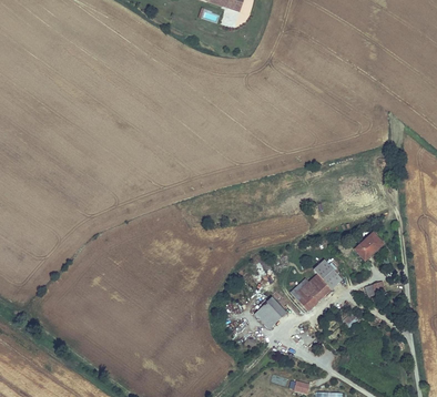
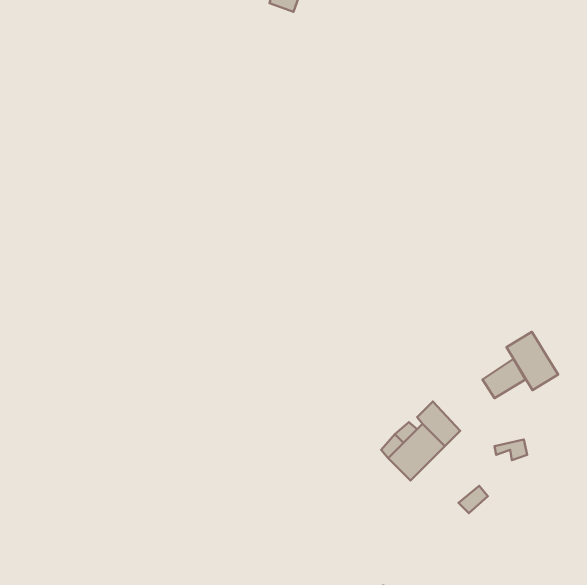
building: none -> [506,332,558,390]
building: [252,294,283,326] -> none

